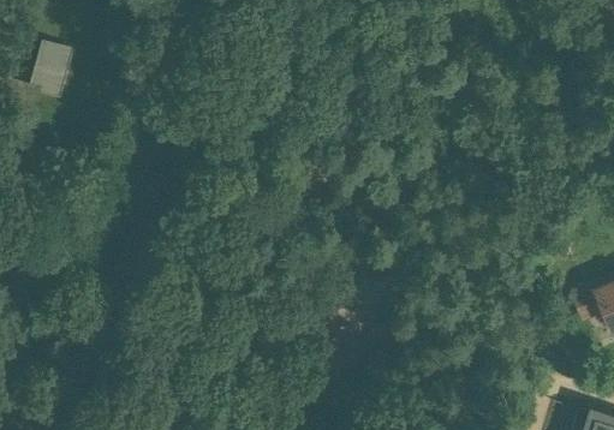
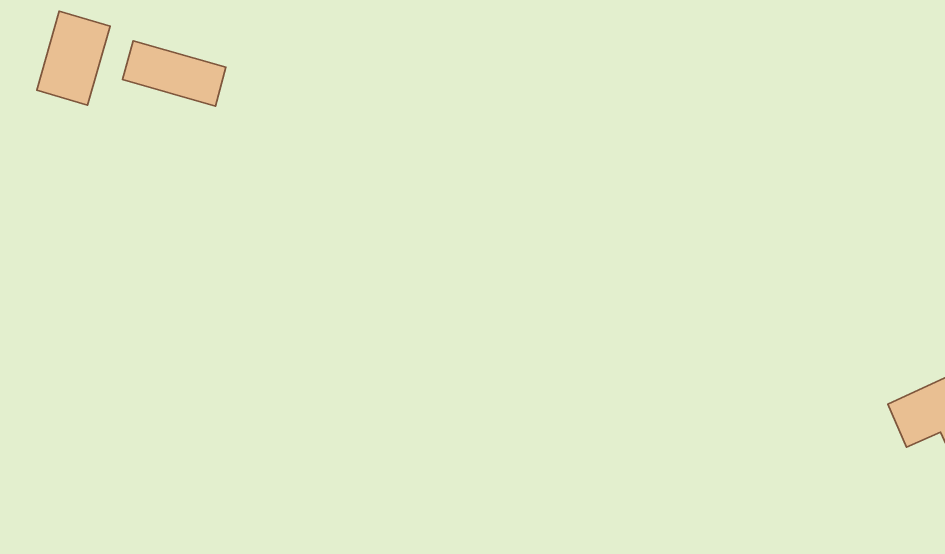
building: none -> [123,41,226,106]

